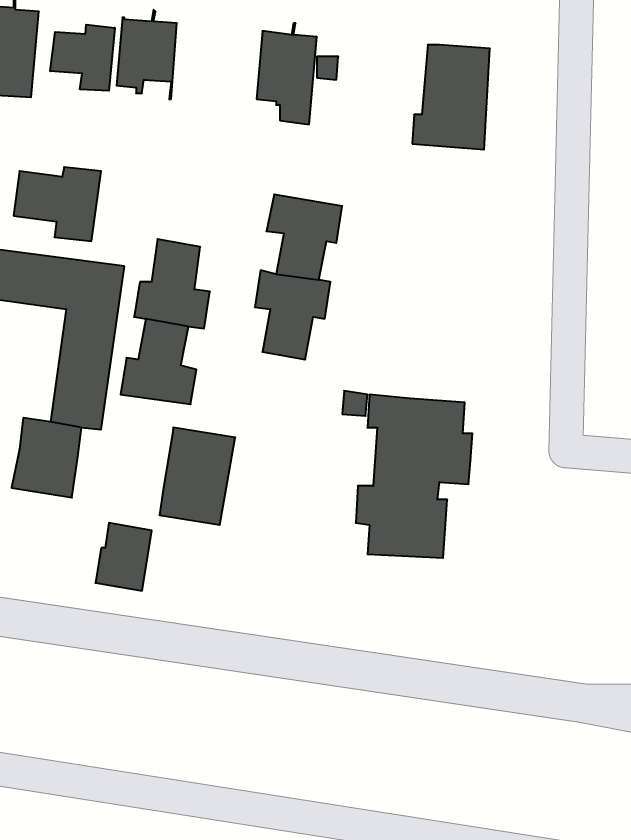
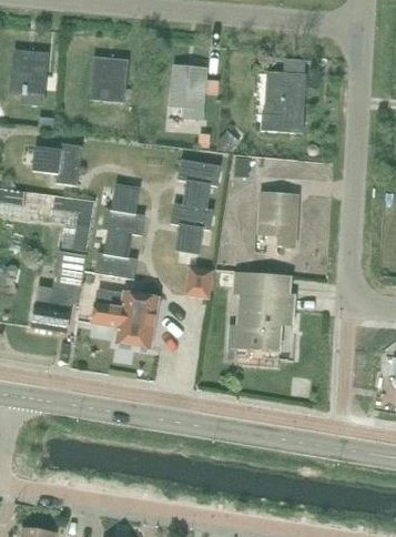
building: [50,25,115,91] -> none
building: none -> [258,193,296,246]
building: none -> [185,266,212,297]
building: [95,523,152,591] -> [91,288,123,327]

